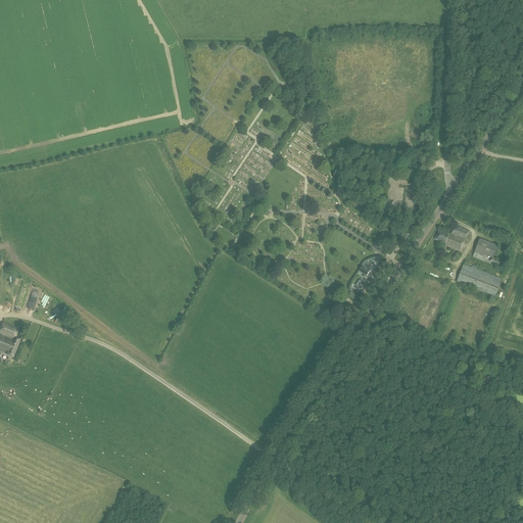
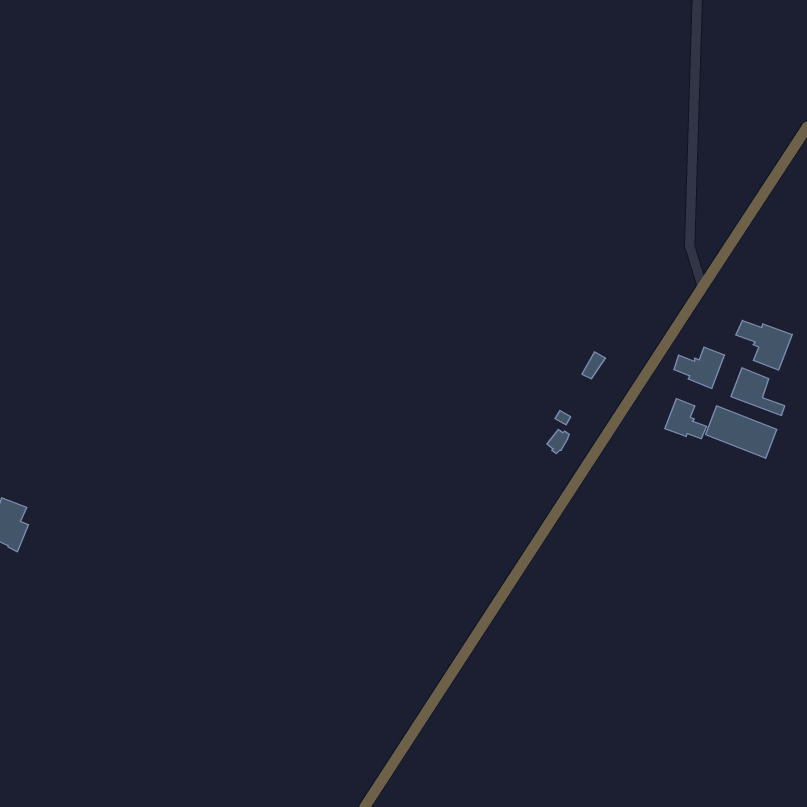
building: none -> [736,320,792,370]
building: none -> [665,399,707,439]

